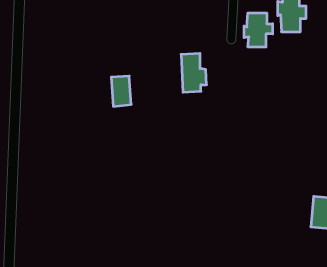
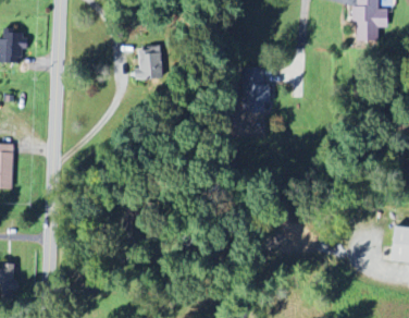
building: [244,13,273,47] -> none
building: [111,76,131,106] -> [140,45,163,79]

